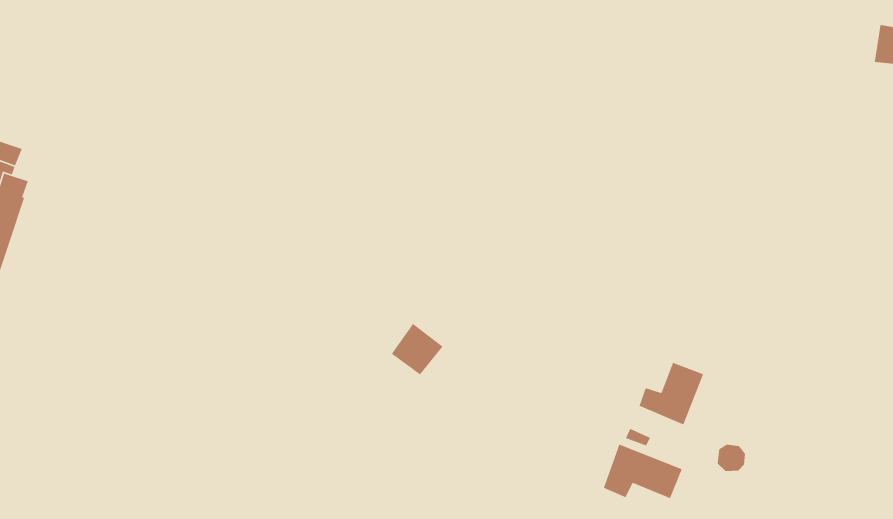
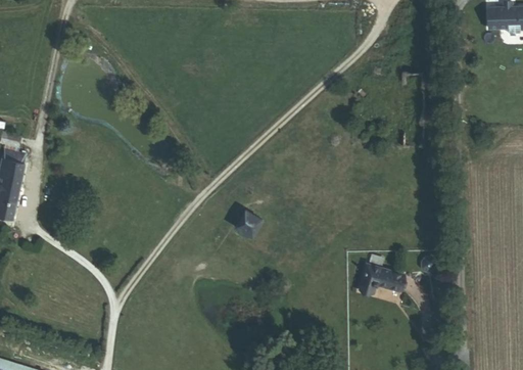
building: [639,362,704,425] -> none

